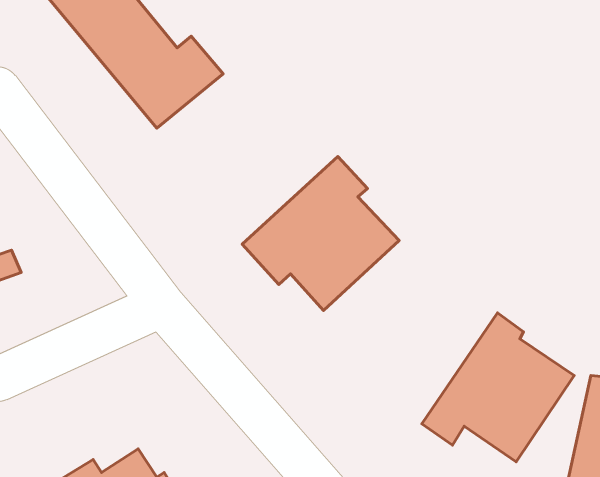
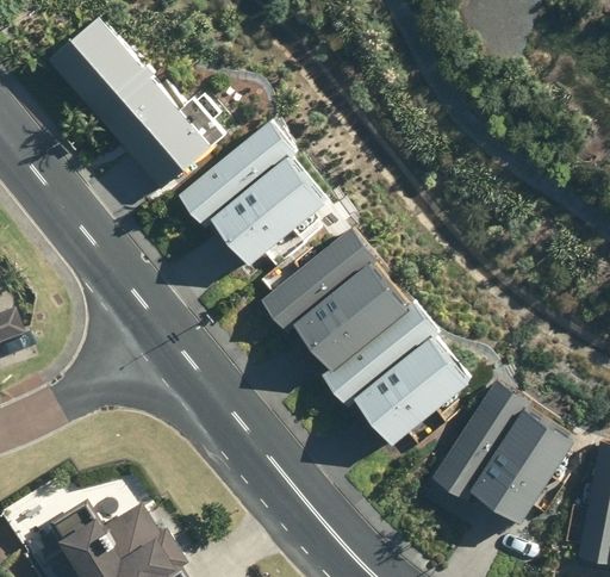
building: none -> [172,122,325,271]
building: none -> [320,297,467,442]

